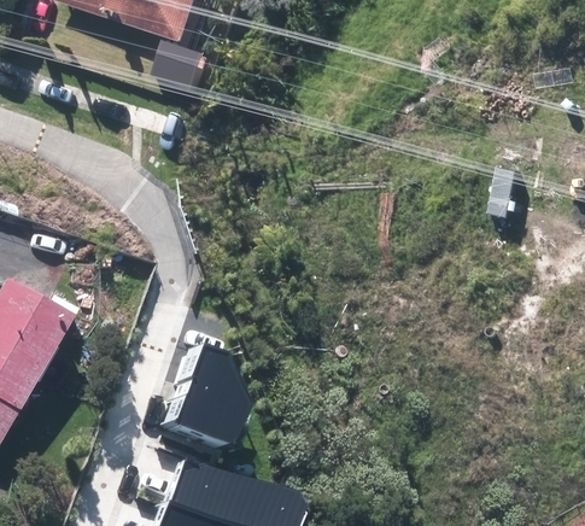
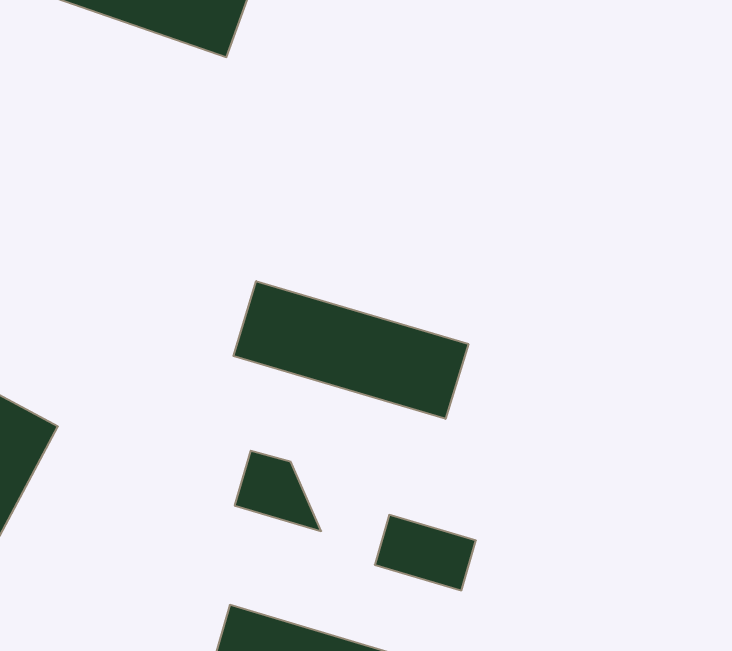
building: none -> [233,281,468,419]
building: [176,384,252,440] -> [375,515,476,590]

